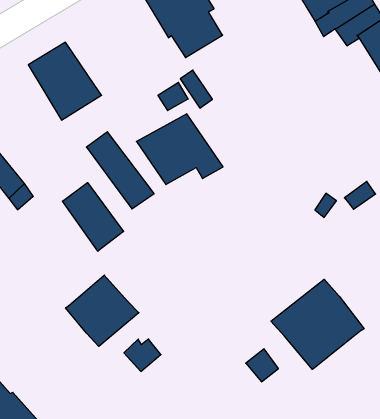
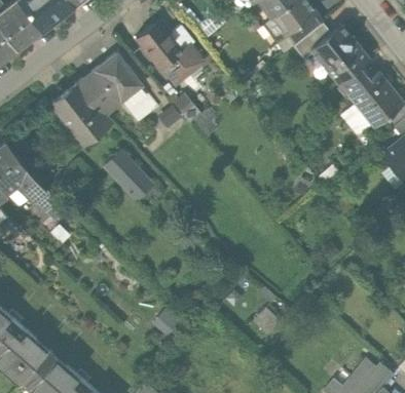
building: [136,114,223,185] -> [78,56,150,115]
building: [62,183,124,251] -> none
building: [66,275,139,346] -> none
building: [271,279,364,369] -> none

